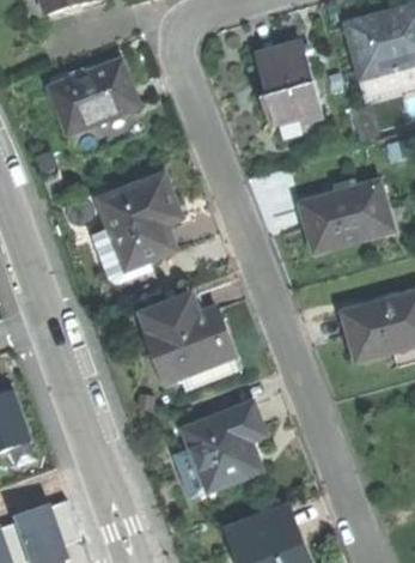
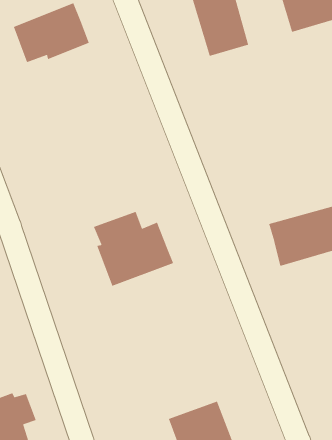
building: [99,176,176,270] -> none
building: [297,181,387,250] -> none
building: [173,406,260,500] -> none

